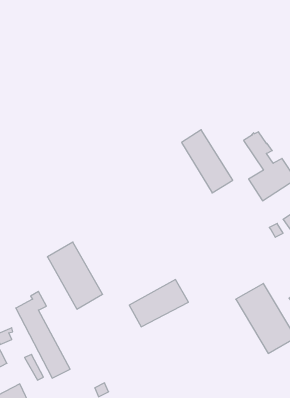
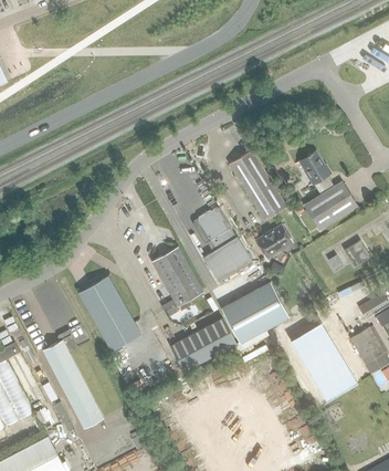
building: none -> [192,207,252,282]
building: none -> [256,224,291,257]
building: none -> [151,247,202,306]
building: none -> [221,281,288,343]

